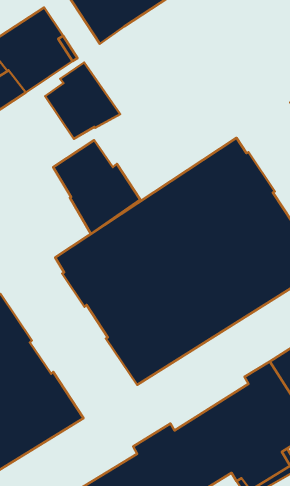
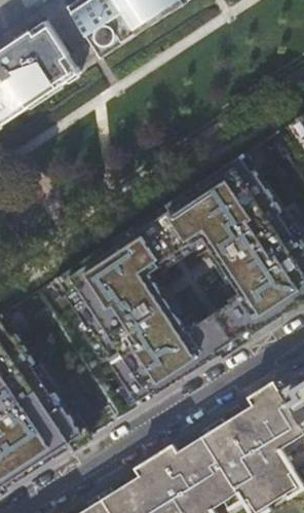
building: [45,63,120,139] -> none
building: [53,140,140,234] -> none

